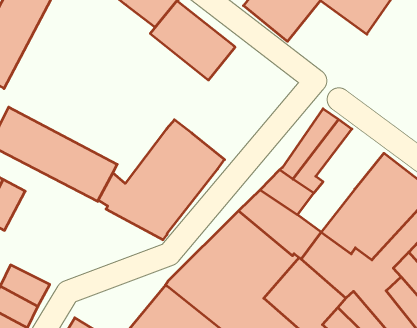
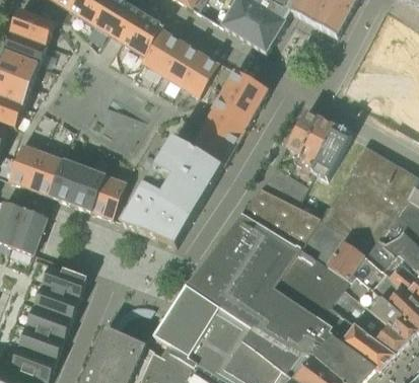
building: none -> [190,70,268,166]
building: none -> [310,125,349,175]
building: none -> [41,262,86,298]

